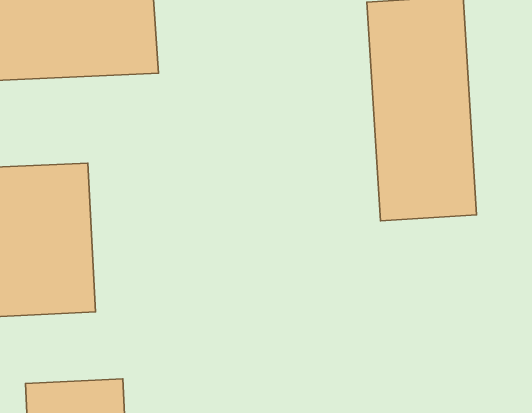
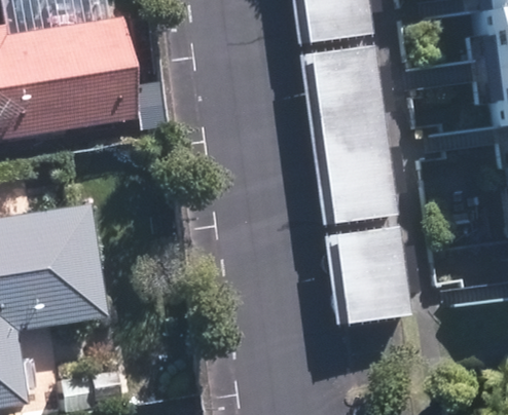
building: none -> [321,227,409,322]

